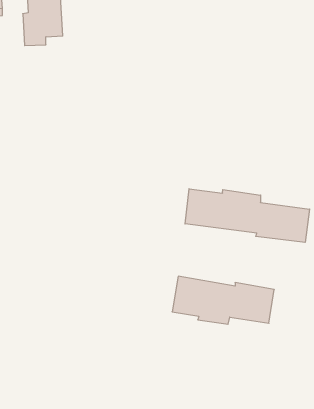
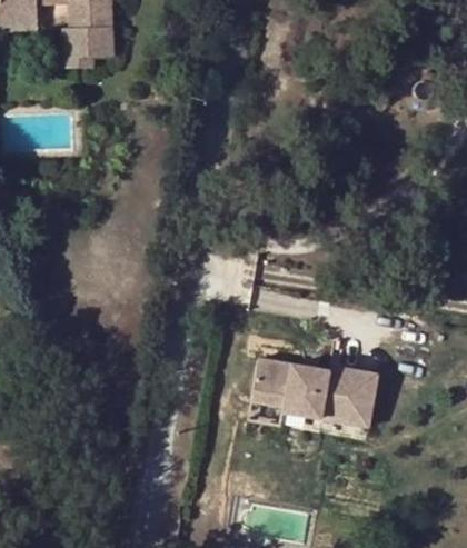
building: [185,189,310,242] -> none

